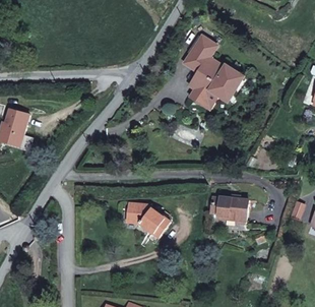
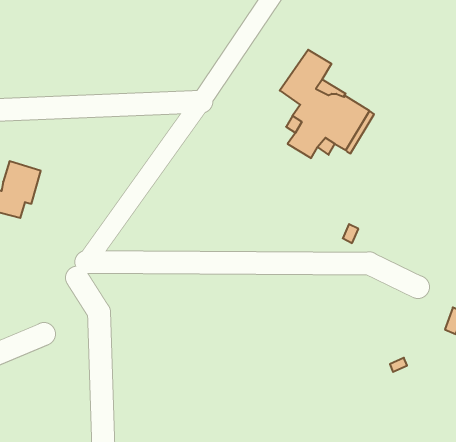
building: [210,196,248,222] -> none
building: [126,202,169,242] -> none

